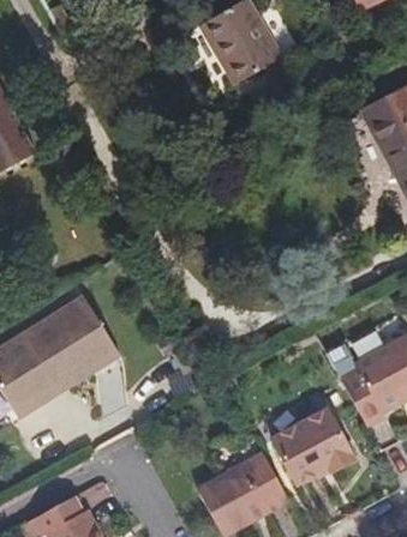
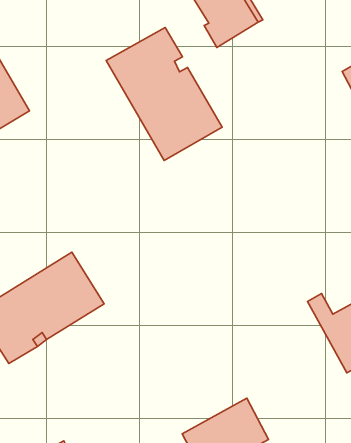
building: none -> [106,28,222,161]
building: [273,408,355,482] -> none

